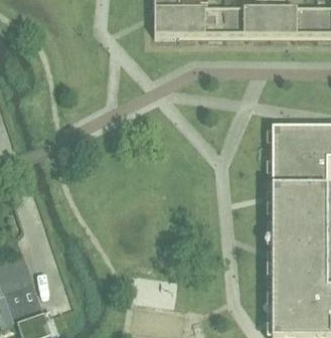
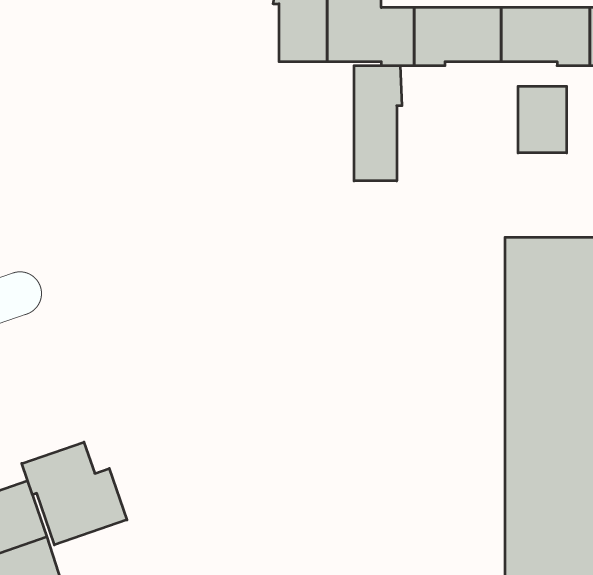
building: none -> [354,66,402,181]
building: none -> [518,86,567,153]
building: none -> [22,442,127,545]

